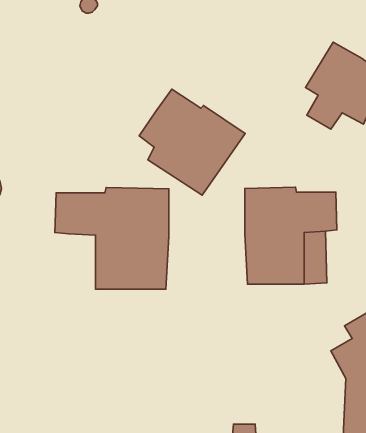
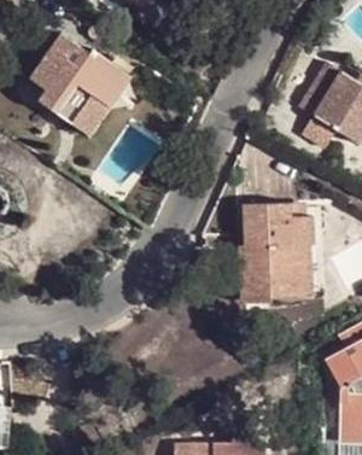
building: [139,89,245,195] -> [29,35,130,136]
building: [55,187,169,289] -> none

